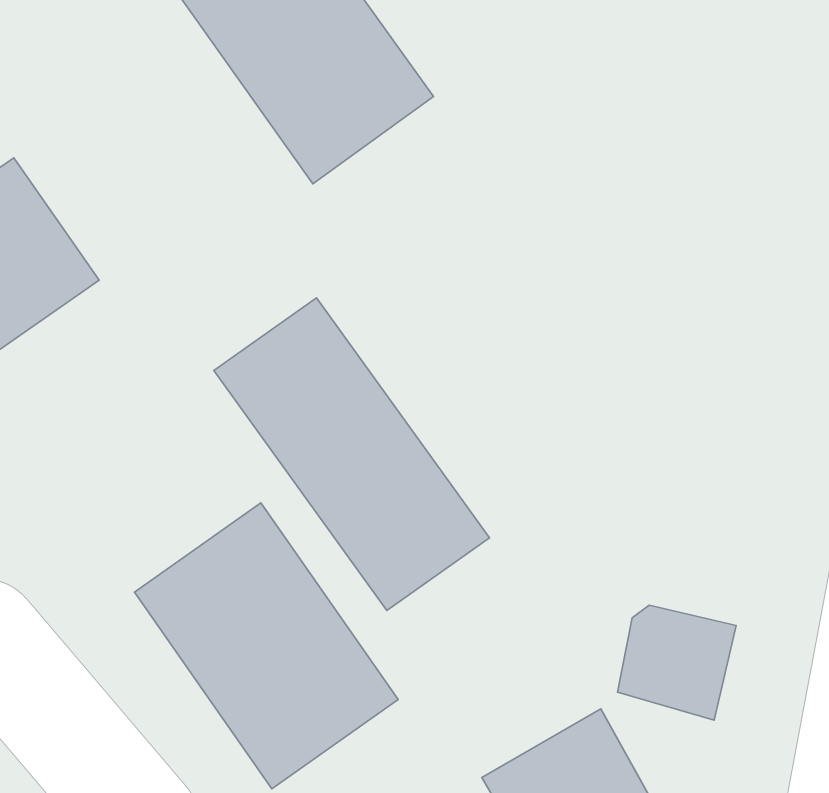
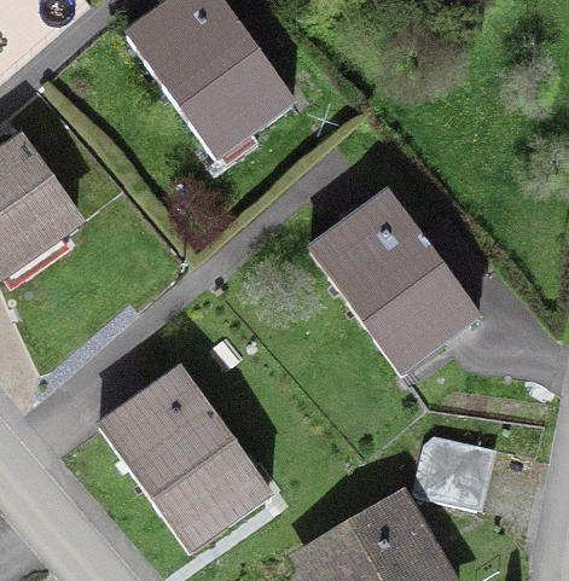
building: none -> [307,188,488,376]
building: [214,298,490,611] -> none

